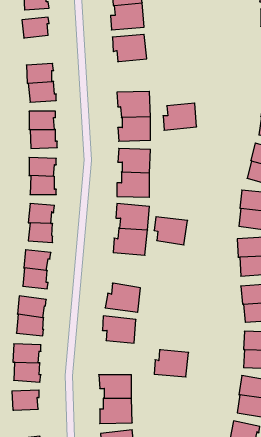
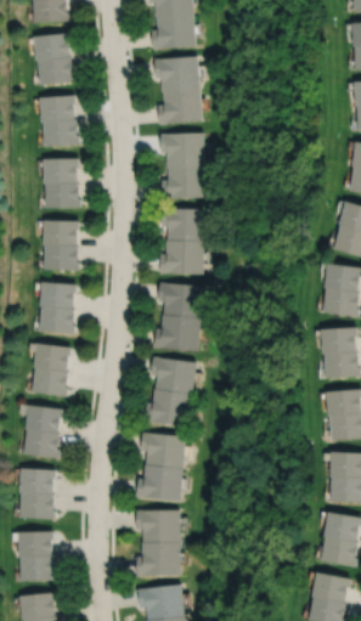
building: none -> [35,56,74,84]
building: [163,103,197,130] -> [157,87,202,124]
building: [154,217,188,245] -> [151,357,196,395]
building: [154,350,189,377] -> [136,465,182,502]
building: none -> [21,558,57,583]

